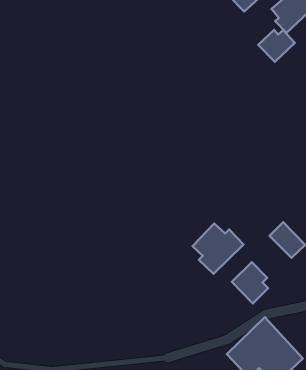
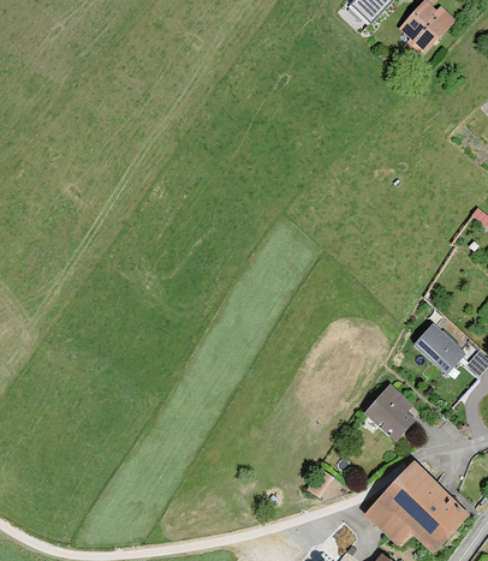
building: [258,30,295,62] -> none
building: [193,224,244,274] -> none

